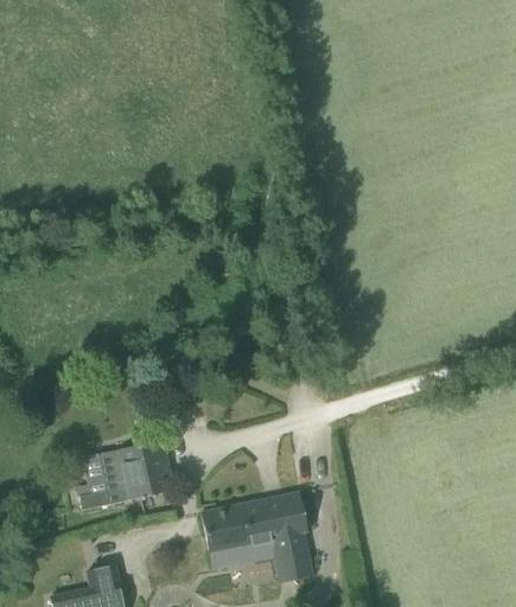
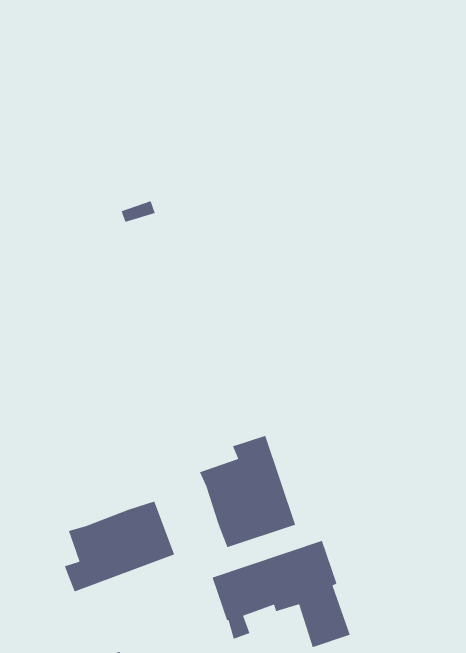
building: none -> [199,435,296,548]

